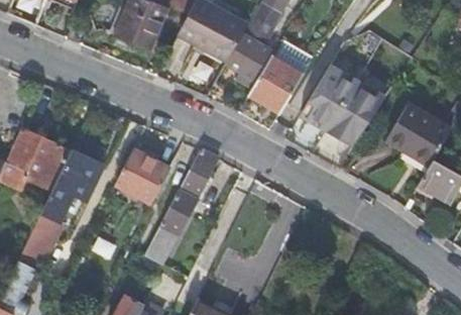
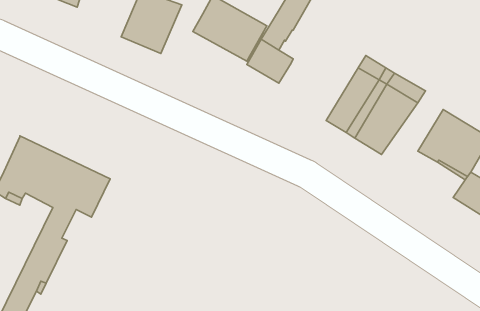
building: [248,61,301,113] -> none
building: [114,149,169,203] -> none
building: [144,149,218,265] -> none

